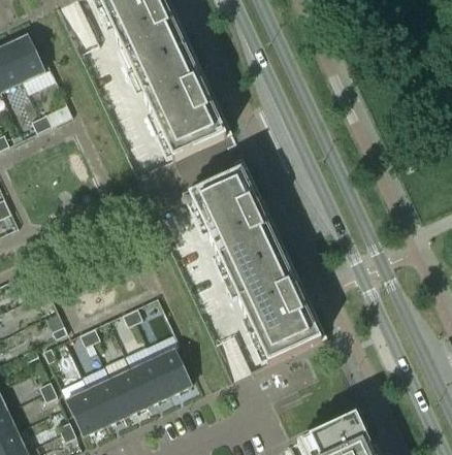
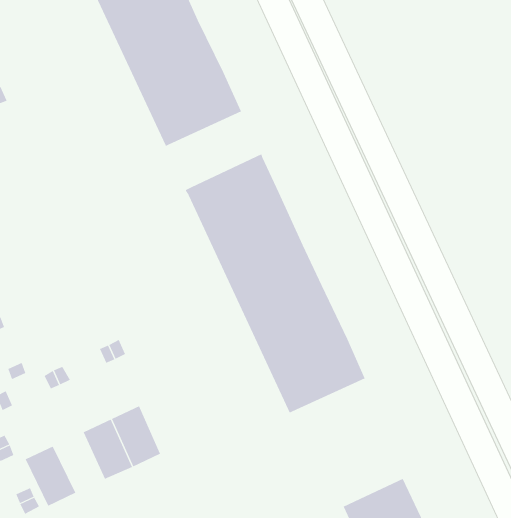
building: [153,349,191,395] -> none
building: [87,379,126,425] -> none

